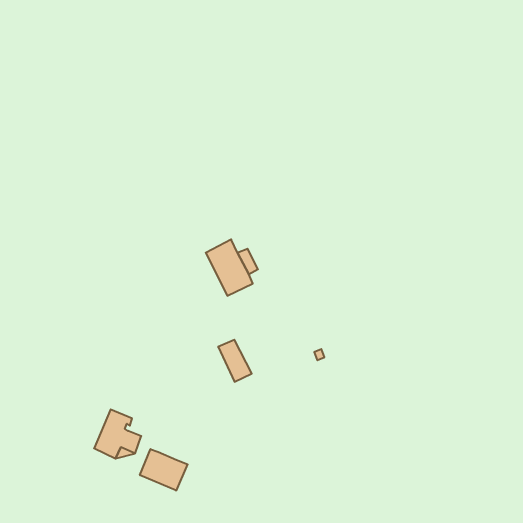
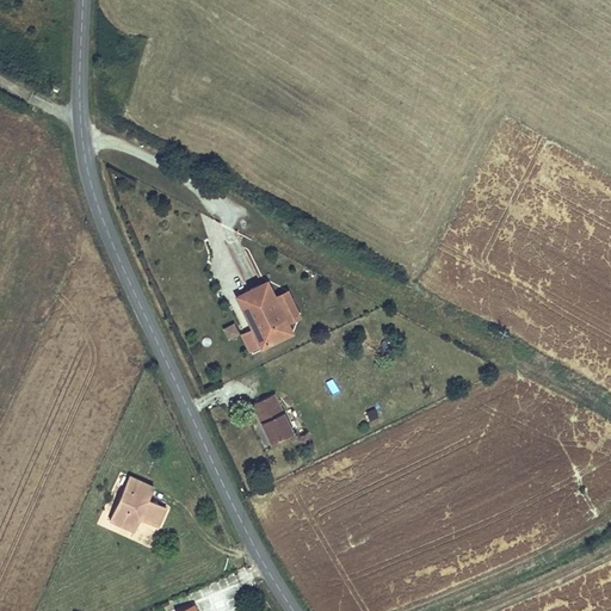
building: [140,449,188,491] -> none

